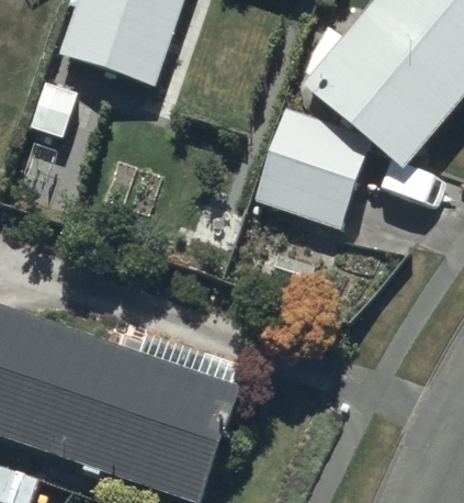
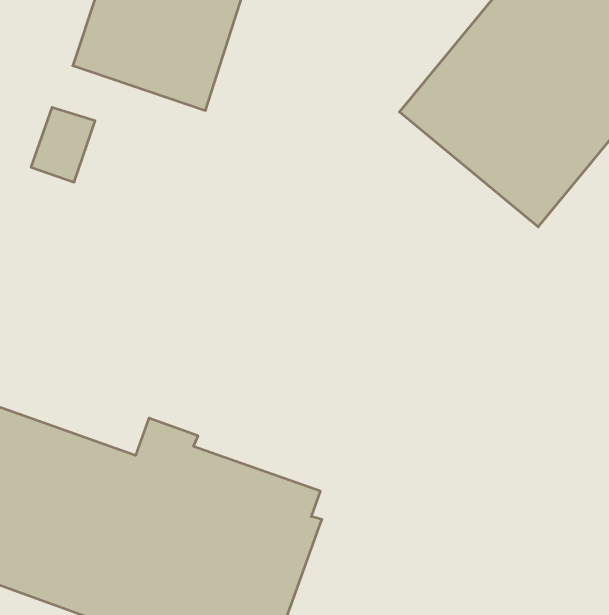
building: [253,108,369,227] -> none

